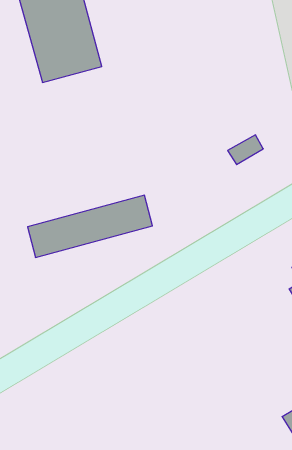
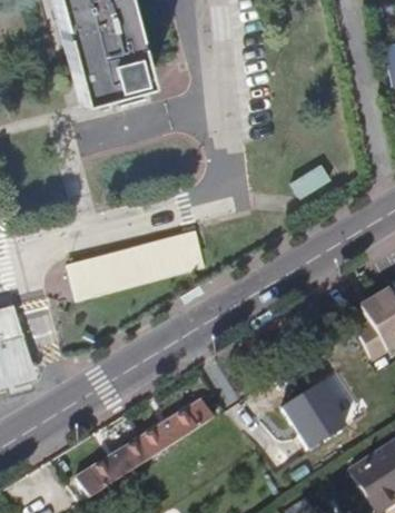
building: none -> [284,376,348,443]
building: none -> [79,398,216,496]

